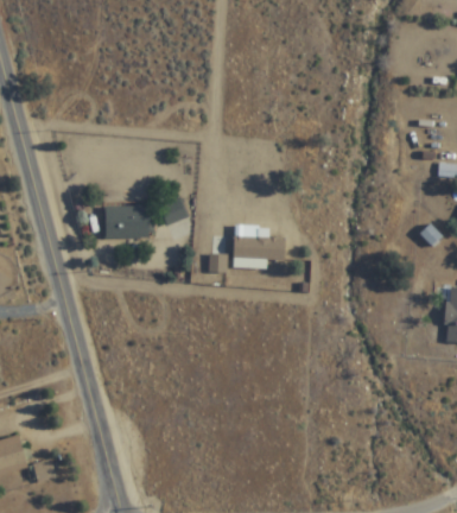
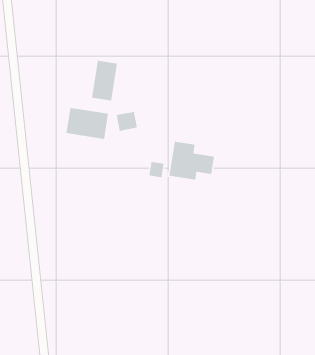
building: none -> [91,60,118,101]

